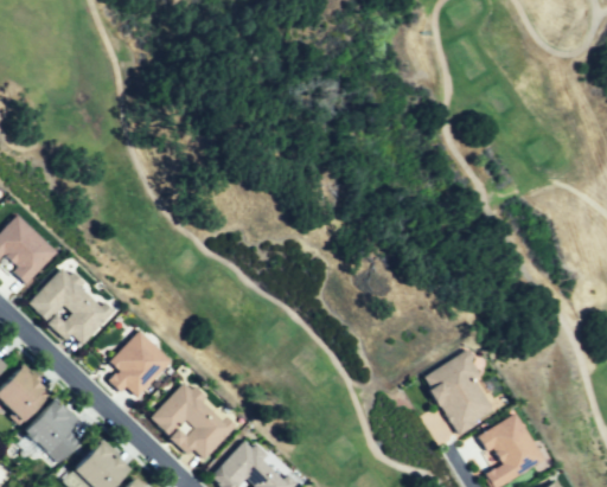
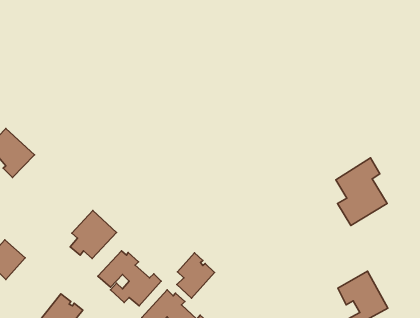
building: [27,264,113,348] -> none
building: [421,348,493,443] -> [336,158,387,225]
building: none -> [177,253,215,298]
building: [20,402,75,464] -> none

